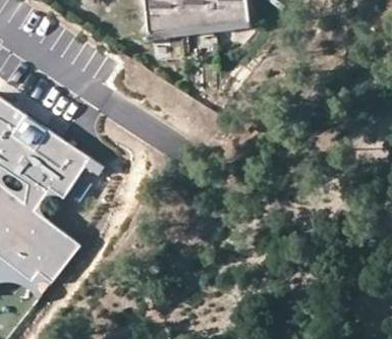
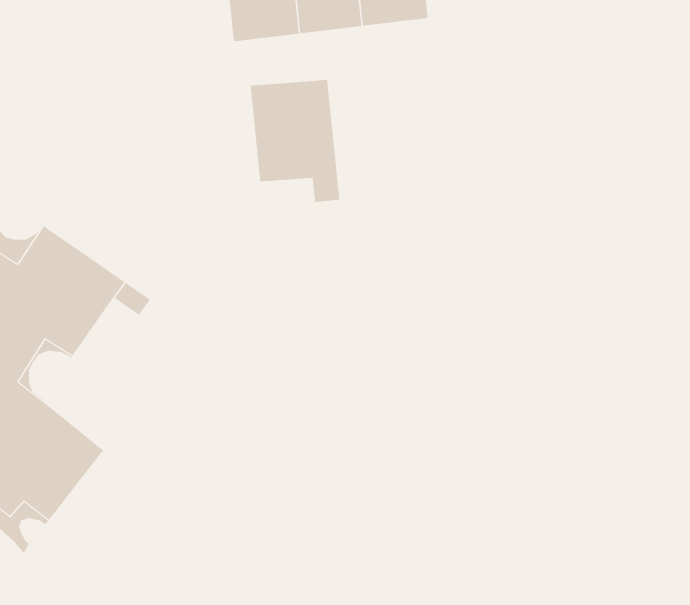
building: none -> [250,79,340,203]

